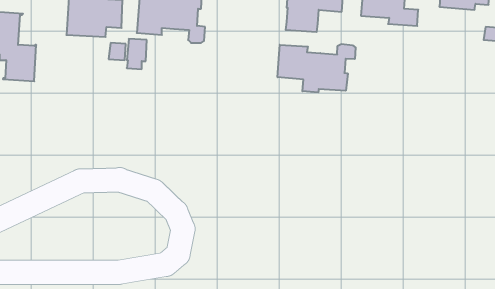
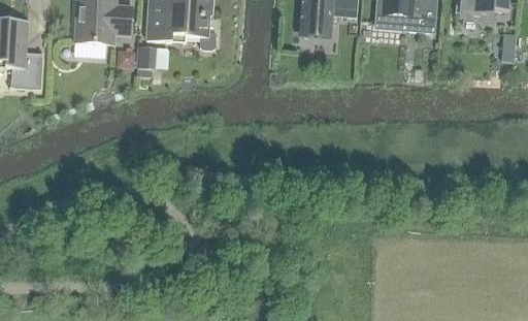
building: [278,44,356,92] -> none

